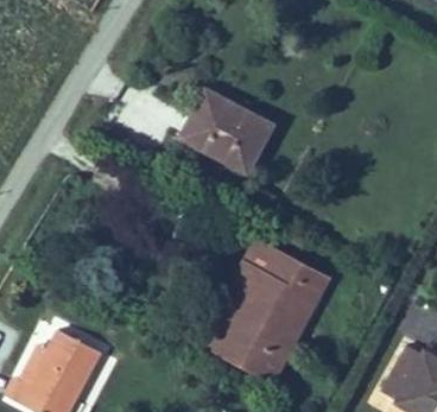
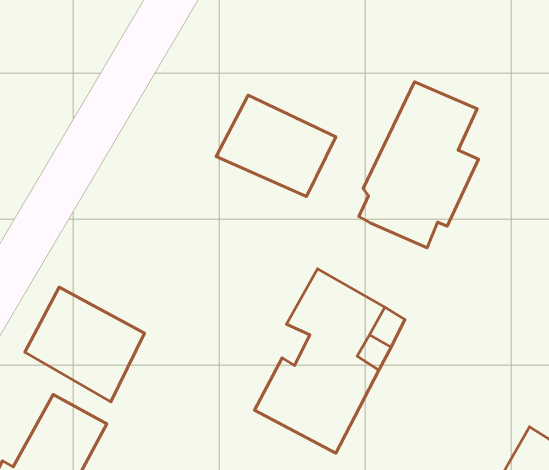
building: none -> [359,82,479,248]
building: none -> [25,287,144,402]

